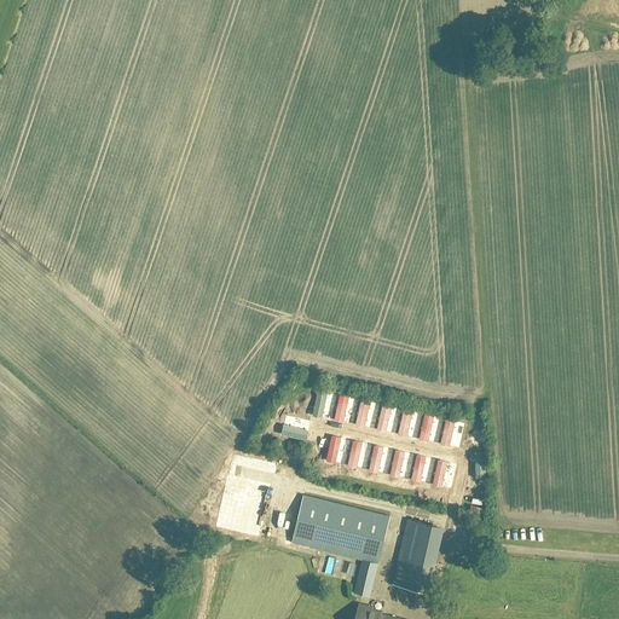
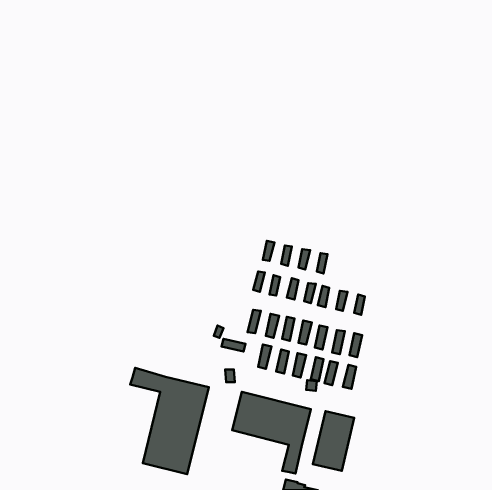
building: none -> [130,368,209,474]

